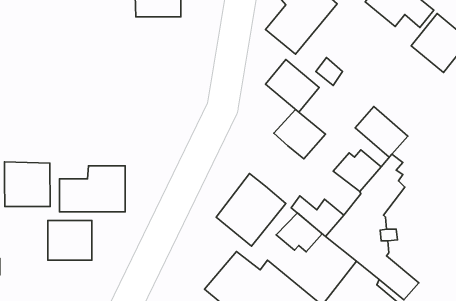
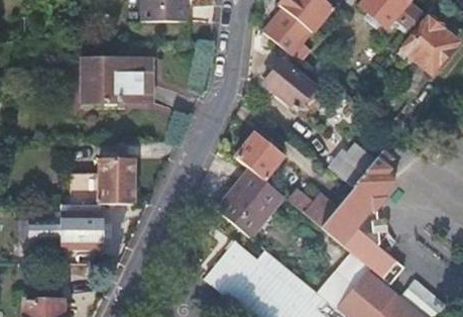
building: none -> [82,59,150,102]
building: [355,107,408,157] -> none
building: [274,109,325,159] -> [235,133,283,180]
building: [4,162,50,206] -> none
building: [276,213,322,252] -> none

